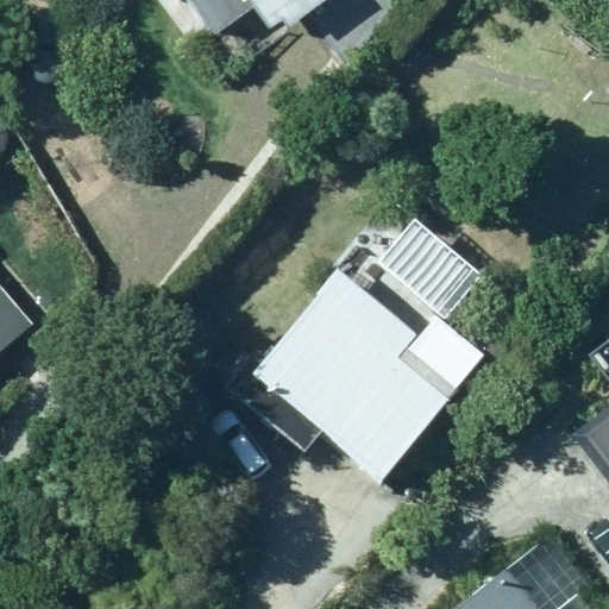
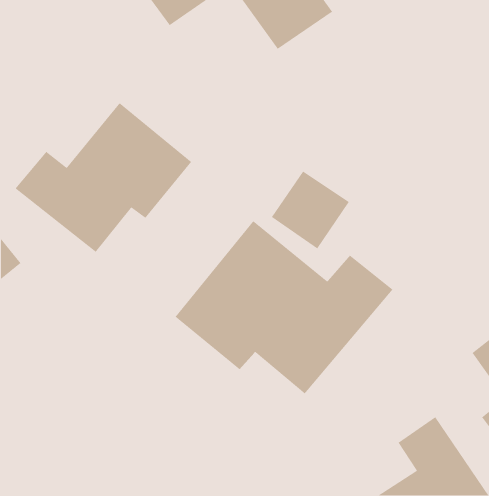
building: none -> [15,102,192,253]

